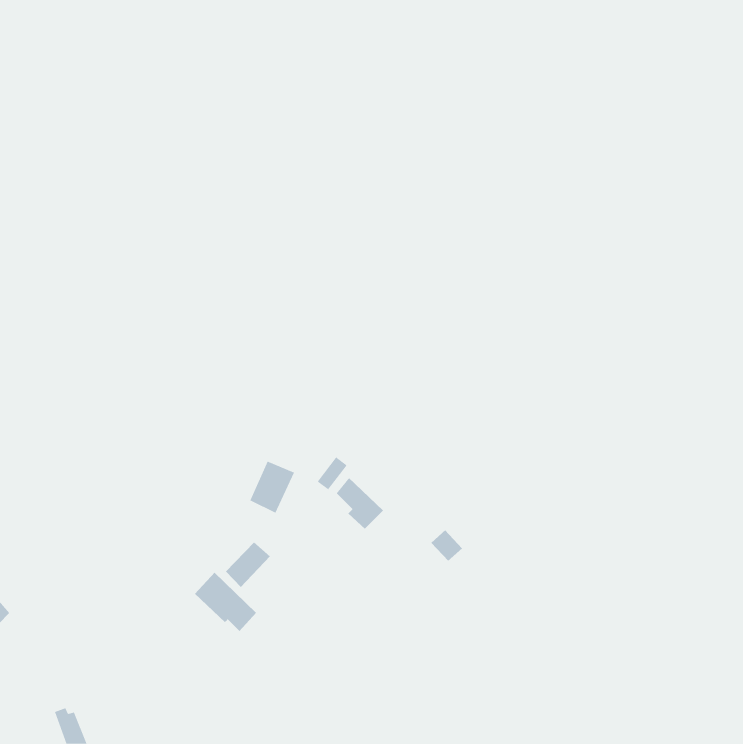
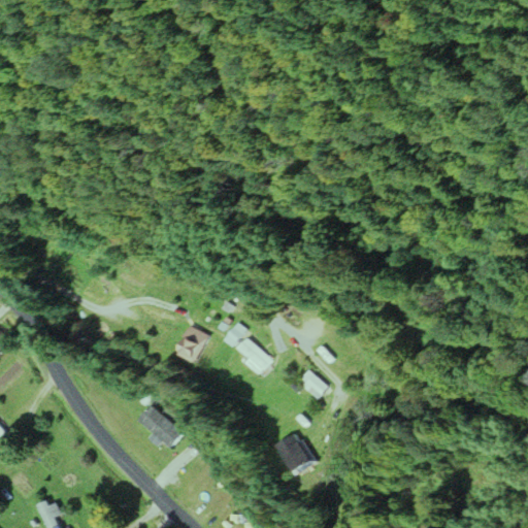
building: [225,542,271,588] -> none
building: none -> [277,431,317,474]

